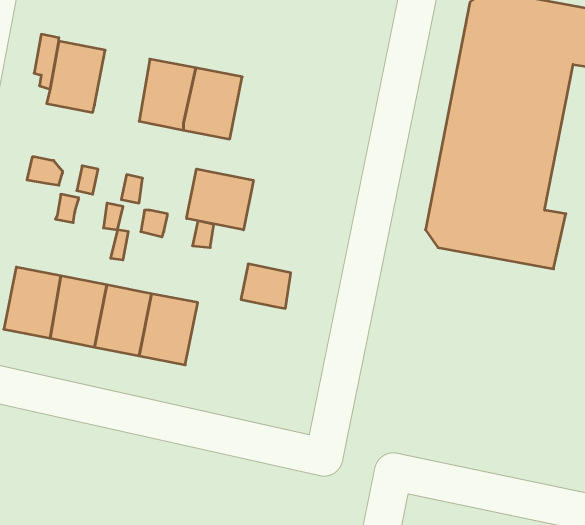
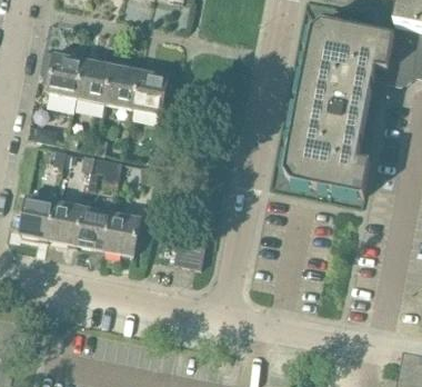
building: none -> [73,59,109,103]
building: [187,169,253,230] -> none
building: [241,264,291,308] -> [171,241,202,269]

